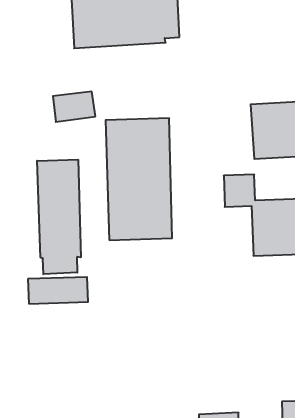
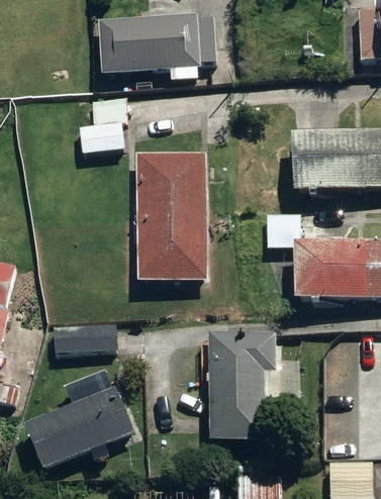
building: [37,160,81,274] -> none
building: none -> [208,329,275,439]
building: none -> [25,377,135,469]

